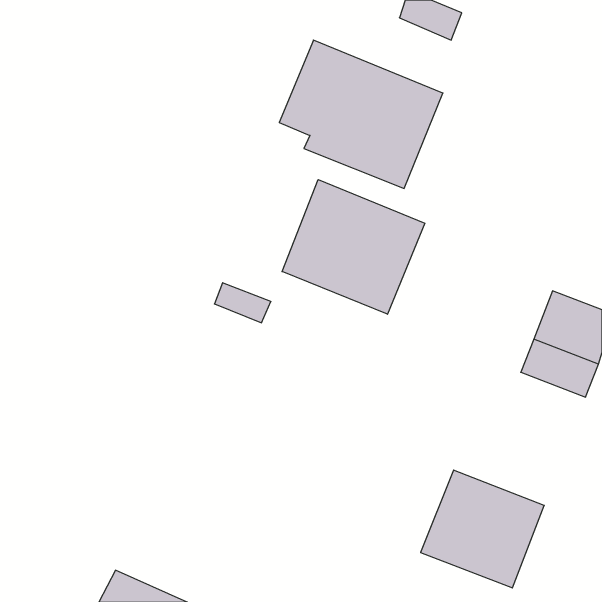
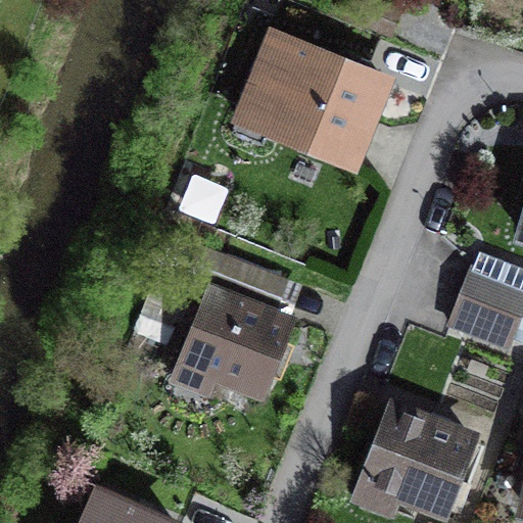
building: [282,180,425,314] -> none
building: none -> [181,289,288,393]

